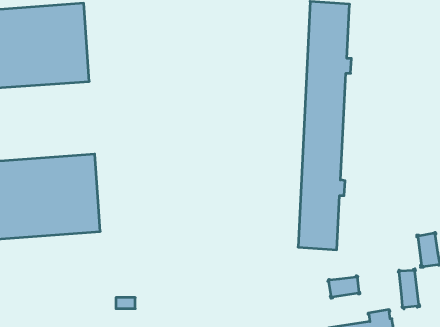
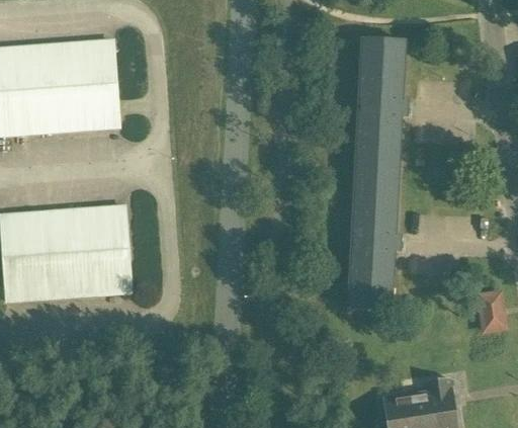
building: [398,269,420,309] -> none
building: [328,276,360,298] -> none

